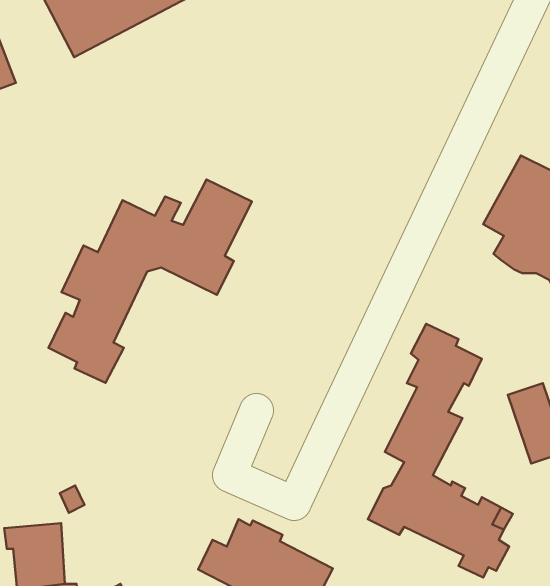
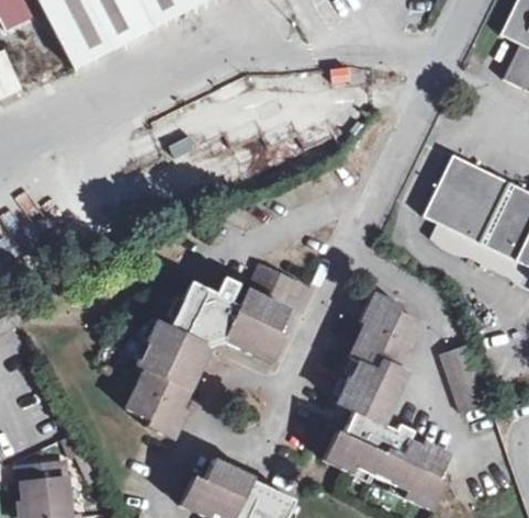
building: [49,180,252,383] -> [127,264,300,437]

